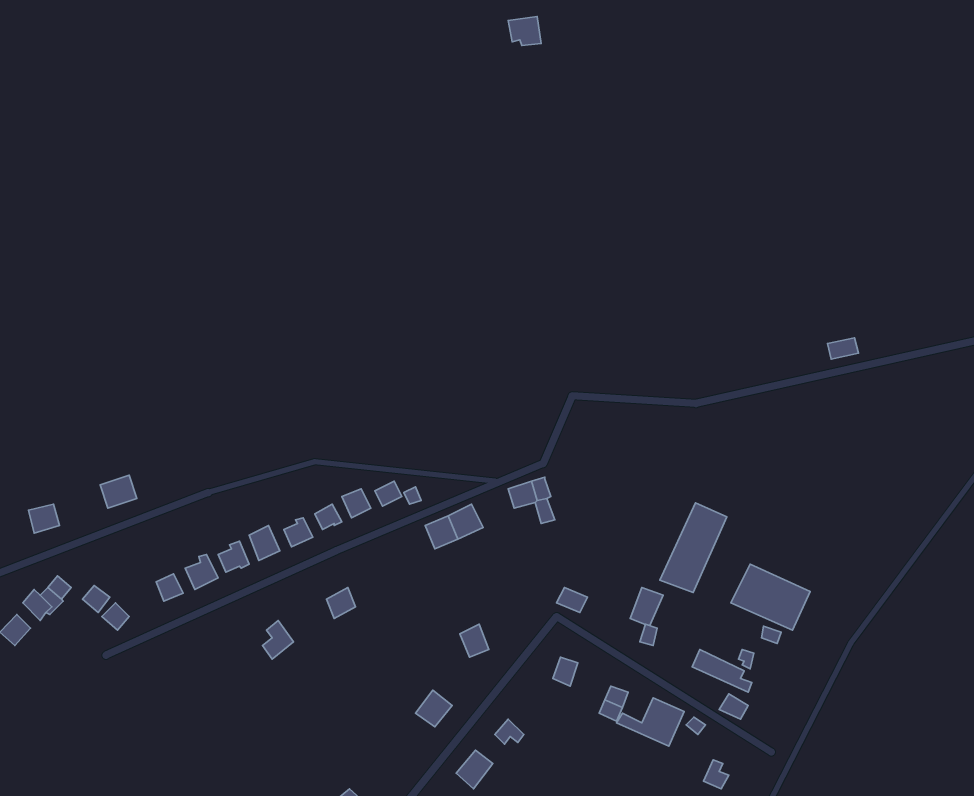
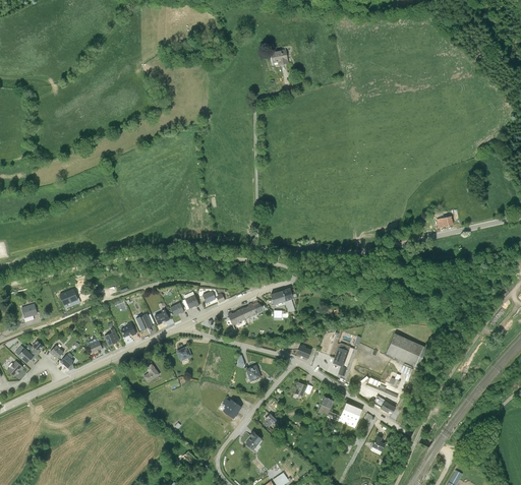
building: [660,503,727,593] -> none

